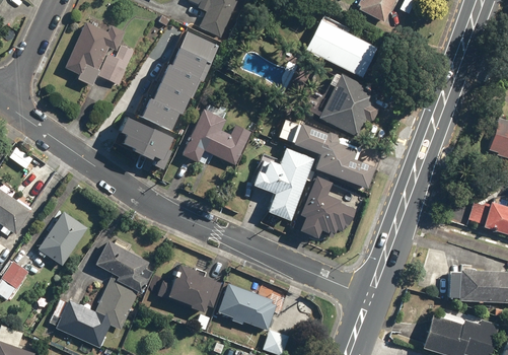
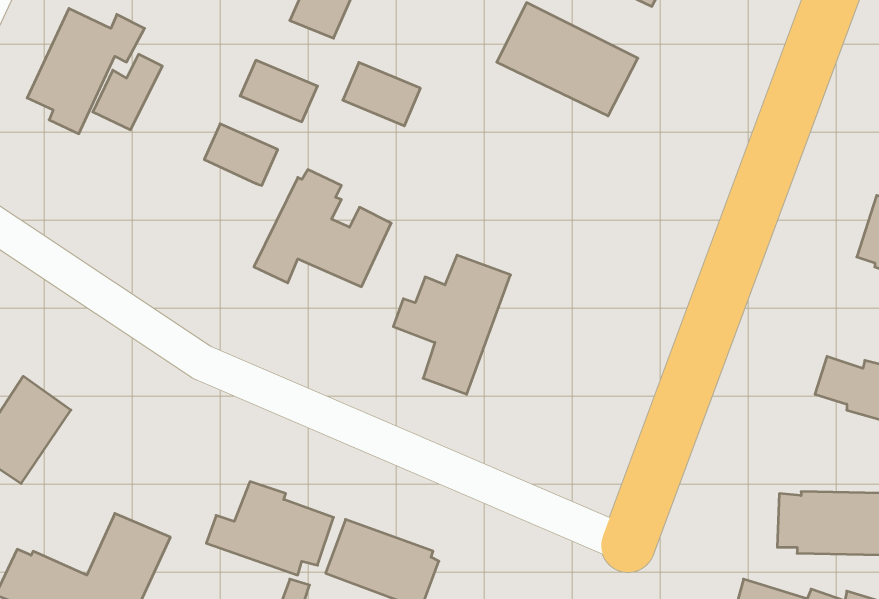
building: [182,29,221,62] -> [343,62,420,126]
building: [163,65,200,94] -> none
building: [317,74,378,137] -> none
building: [144,98,182,131] -> none
building: [124,117,175,167] -> none
building: [291,121,373,189] -> none
building: [302,176,361,238] -> none
building: [95,239,152,292] -> none

